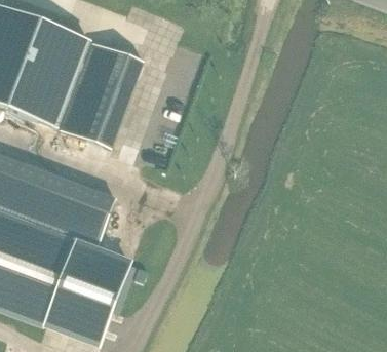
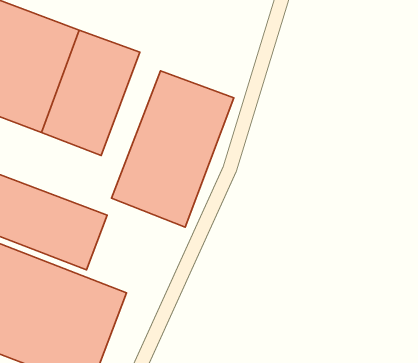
building: none -> [112,71,234,227]

